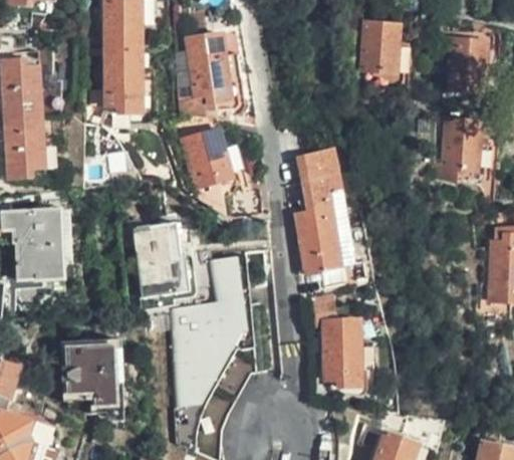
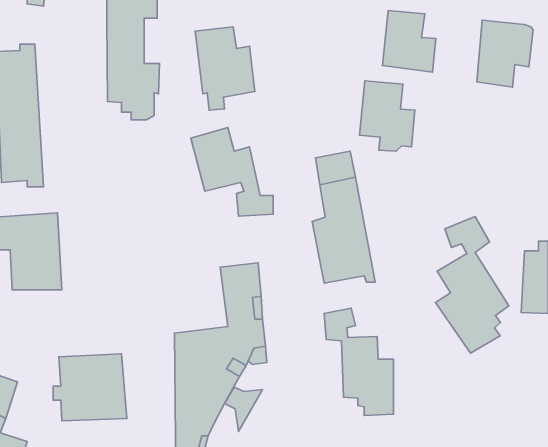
building: [441,118,492,183] -> [359,81,415,151]
building: none -> [435,217,509,353]
building: [130,221,188,296] -> none

